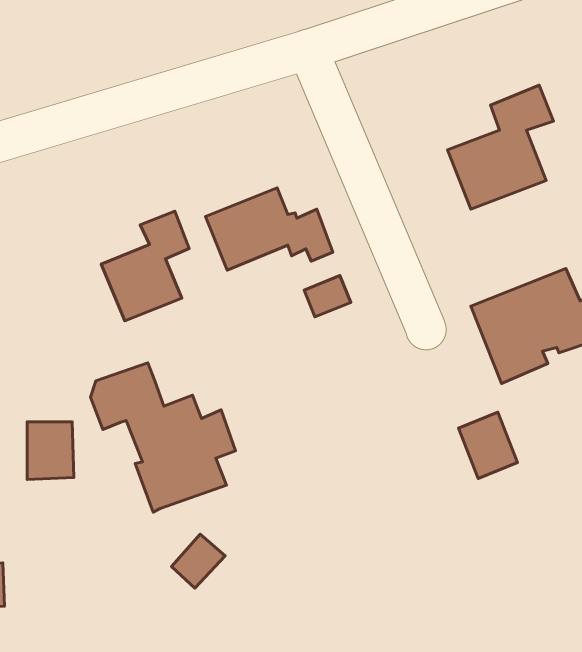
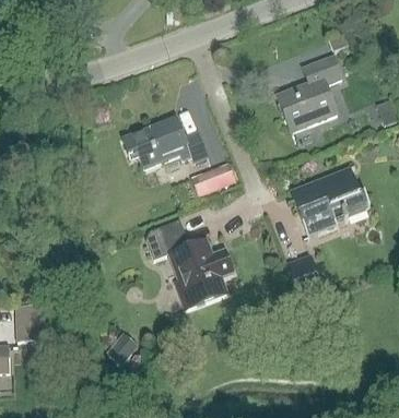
building: [101,211,189,321] -> none
building: [90,363,236,512] -> [145,219,234,310]
building: [27,422,74,479] -> [15,307,44,342]

